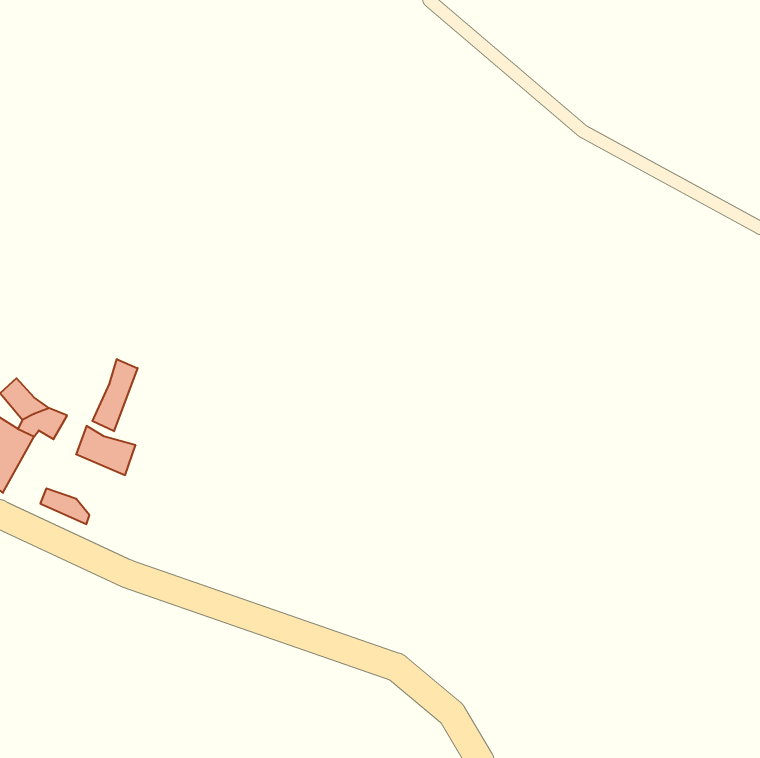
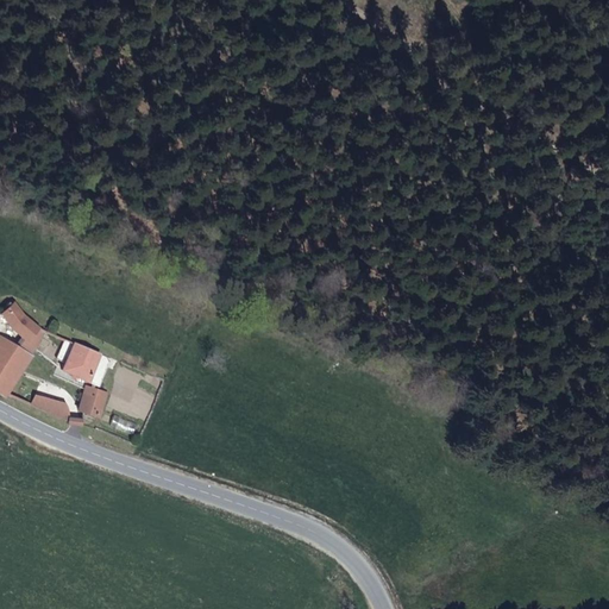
building: [92,359,138,431] -> none
building: none -> [80,383,106,416]

